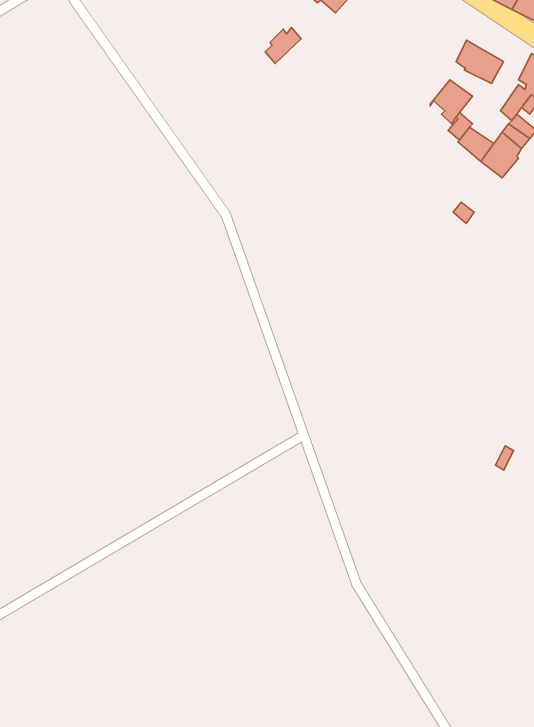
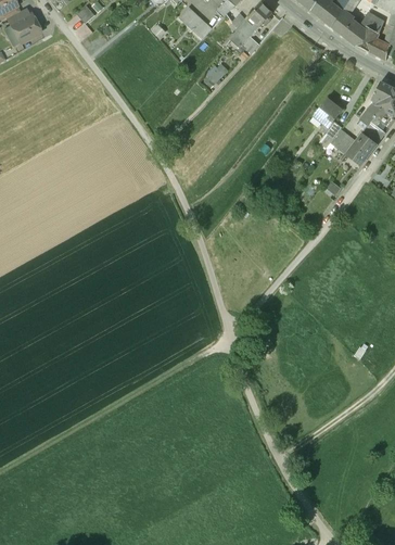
building: [456,40,503,84] -> none

